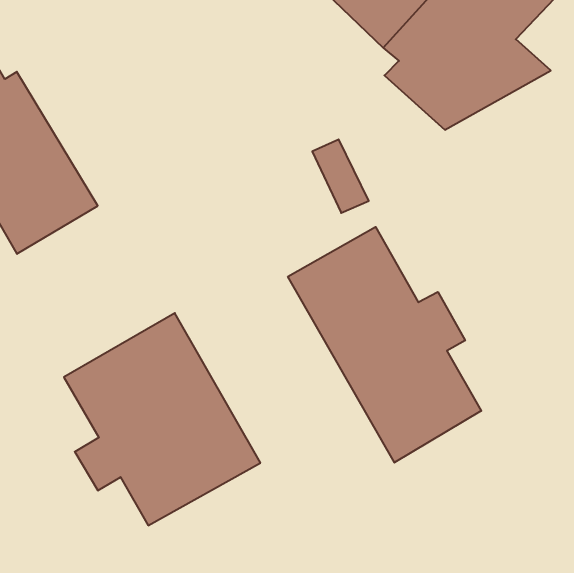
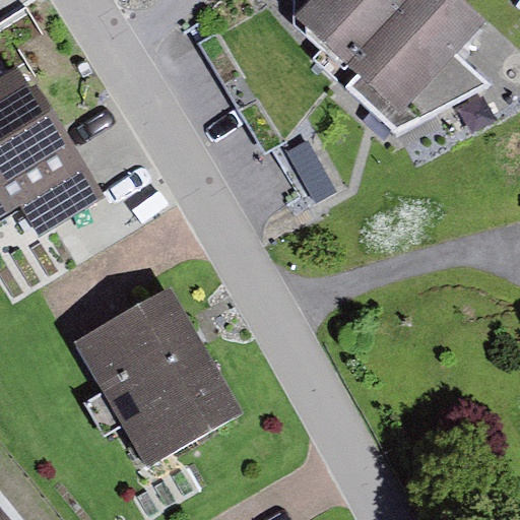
building: [288,227,481,463] -> none

